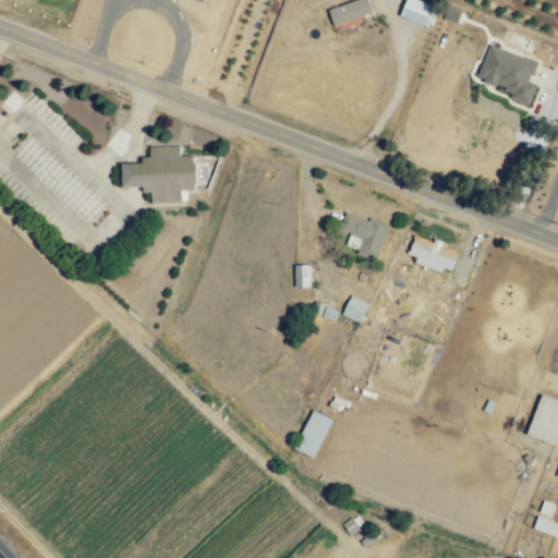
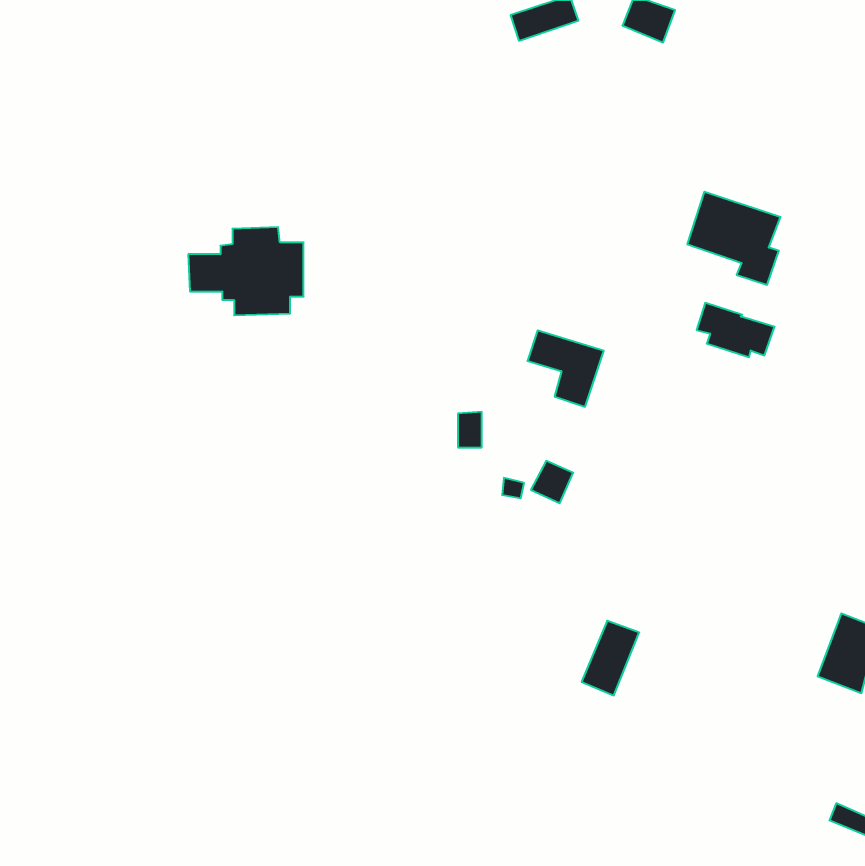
building: [478,46,538,106] -> [687,192,781,285]
building: [409,238,459,272] -> [697,303,775,357]
building: [295,411,332,459] -> [582,621,639,695]

